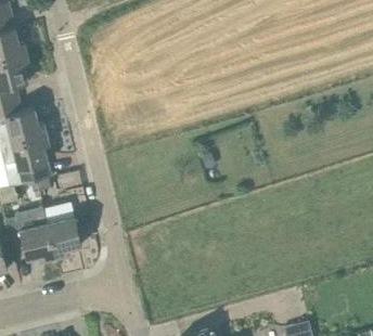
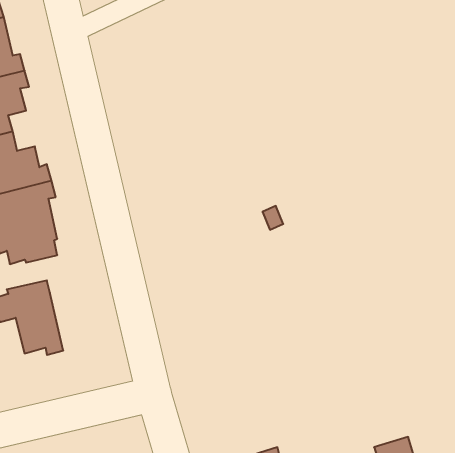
building: [44,209,81,258] -> none

